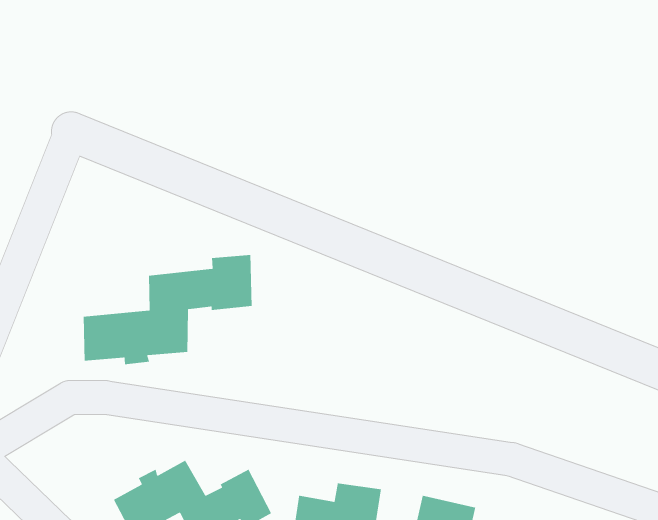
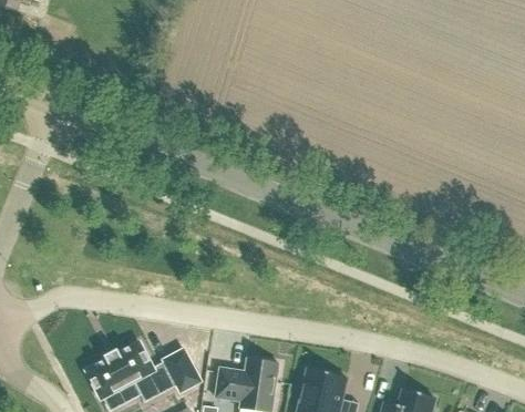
building: [83,254,252,365] -> none

